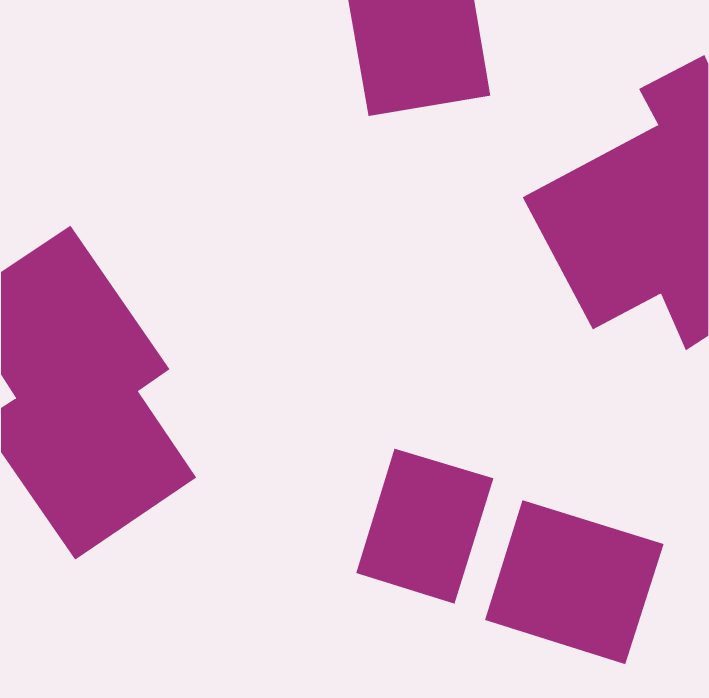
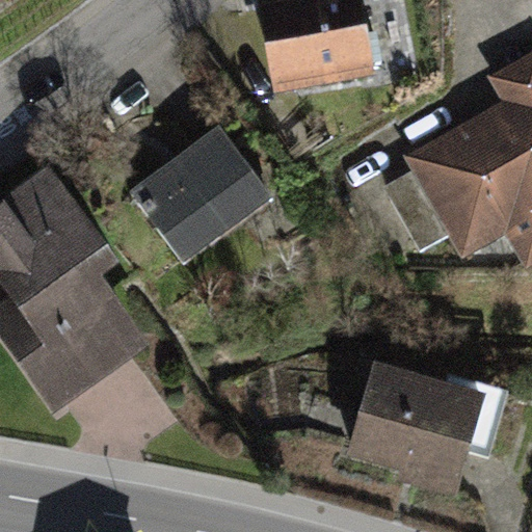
building: none -> [137,118,283,265]
building: [355,448,494,604] -> none

